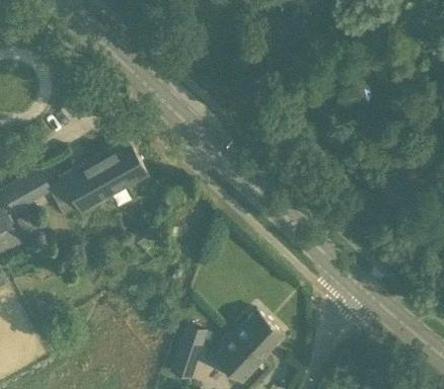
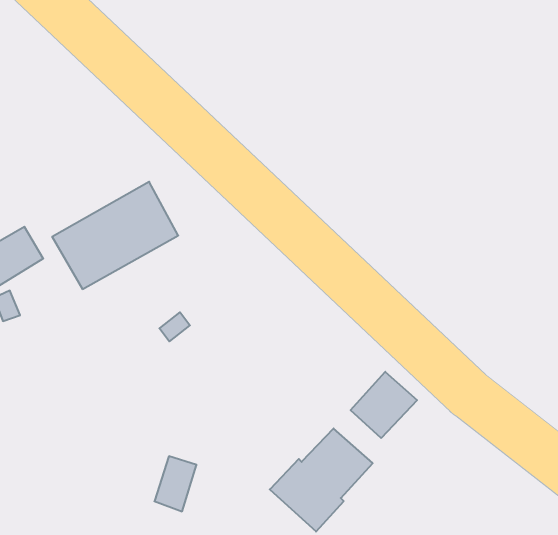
building: none -> [351,372,417,438]
building: [174,327,204,366] -> [154,456,197,511]

